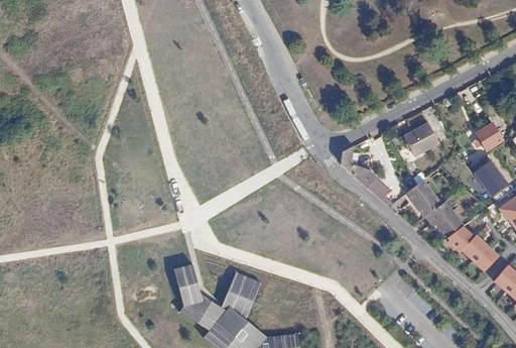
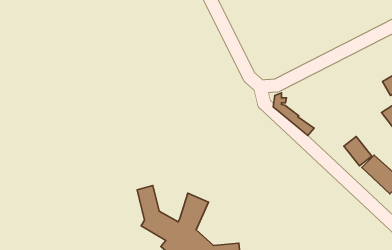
building: [406,122,440,154] -> none
building: [405,180,440,215] -> none

